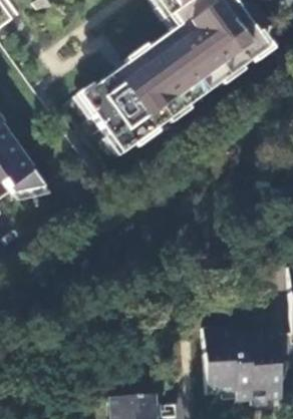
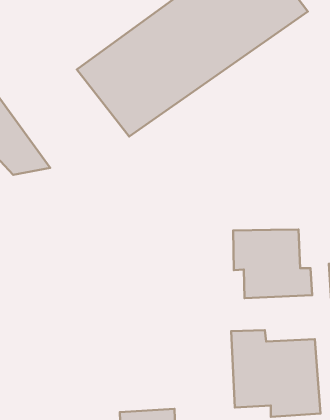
building: none -> [233,229,312,298]

